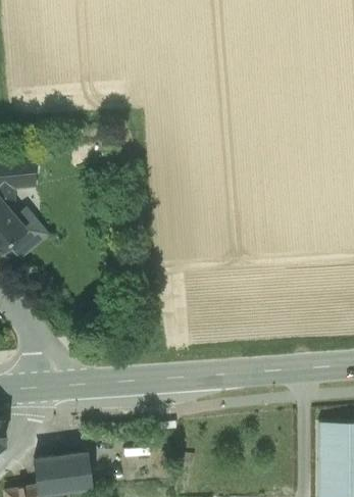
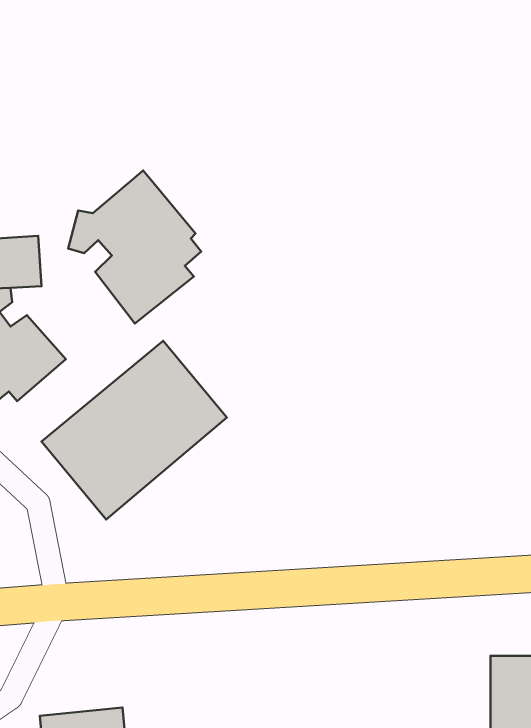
building: none -> [68,170,201,323]
building: none -> [42,341,227,520]

